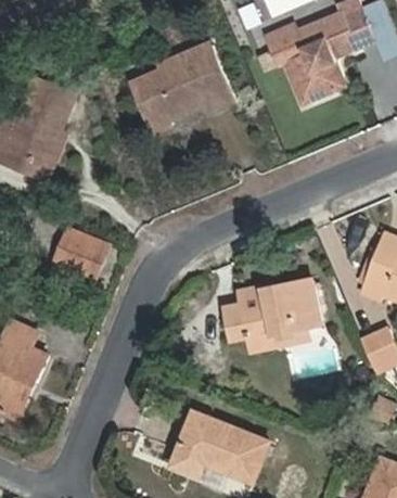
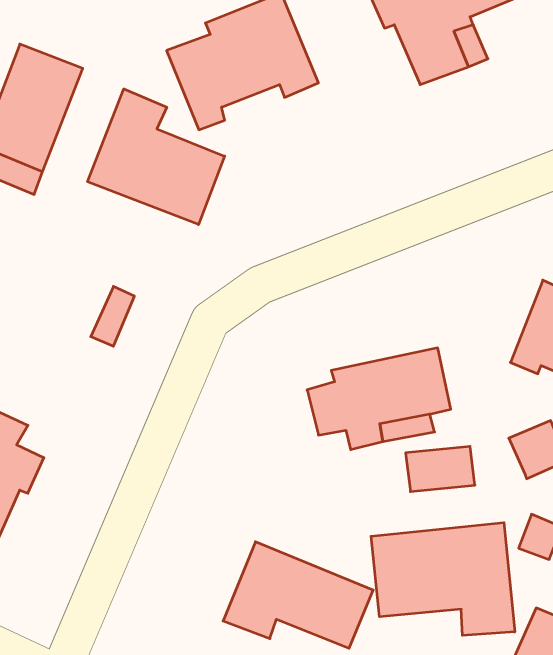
building: none -> [88,89,225,225]
building: [52,227,95,272] -> none
building: none -> [371,523,515,635]

